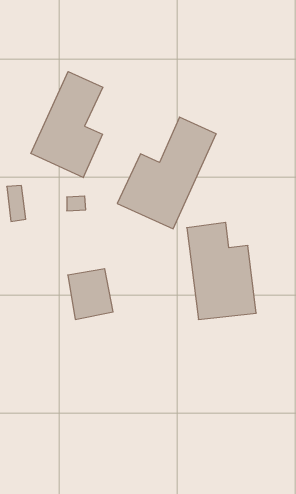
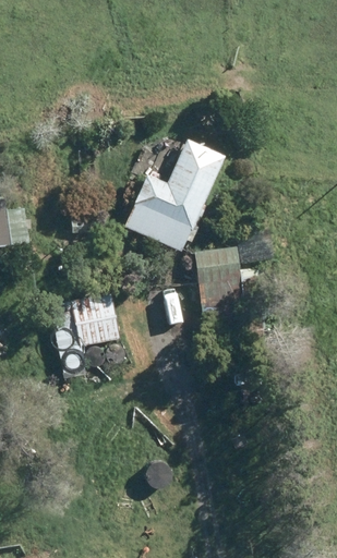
building: [31,72,103,178] -> none

